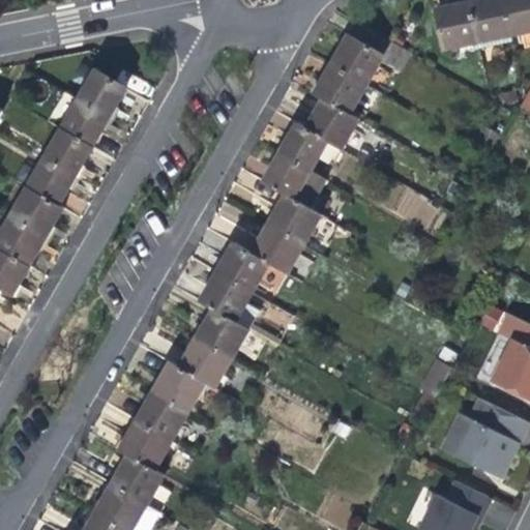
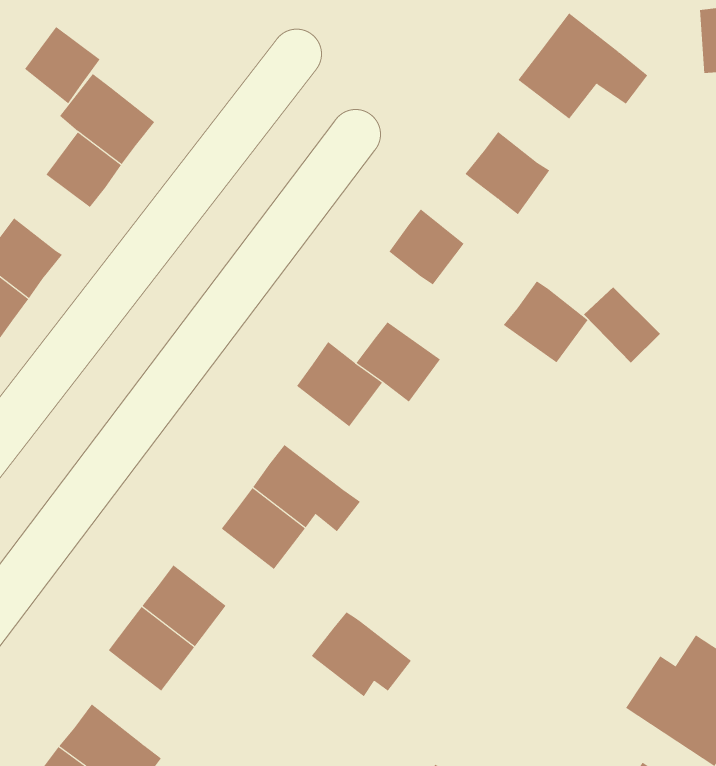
building: [313,65,364,115] -> none
building: [78,70,124,118] -> [24,26,100,104]
building: [278,123,326,171] -> none
building: [27,158,73,205] -> none
building: [266,195,319,244] -> [503,281,589,363]
building: [198,271,262,332] -> none
building: [151,361,214,413] -> [311,612,412,697]
building: [111,455,164,505] -> none

